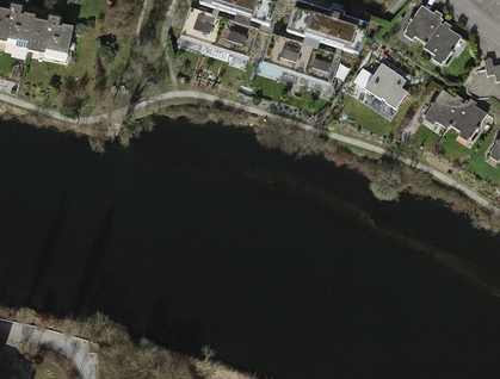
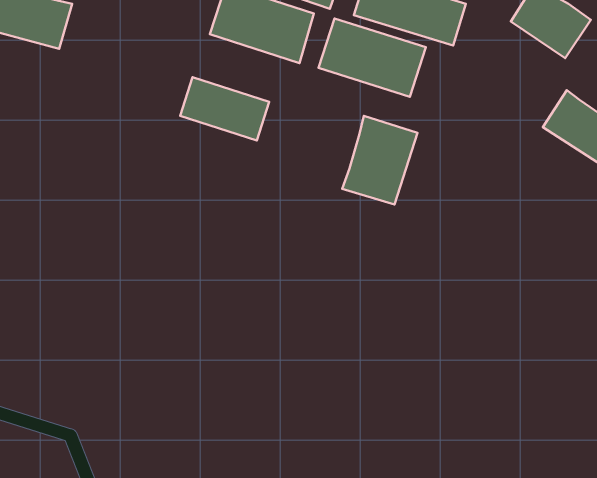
building: [363,62,408,111] -> none
building: none -> [180,77,269,140]
building: none -> [342,116,418,204]

